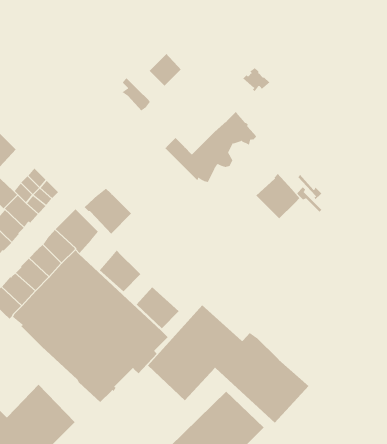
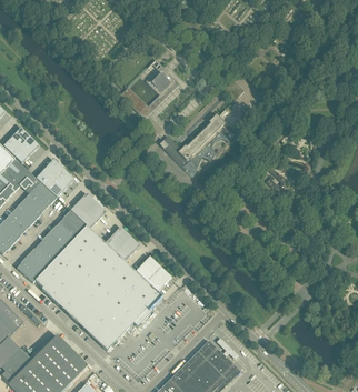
building: [256,173,300,219] -> none
building: [84,188,132,234] -> none
building: [147,304,309,423] -> none

